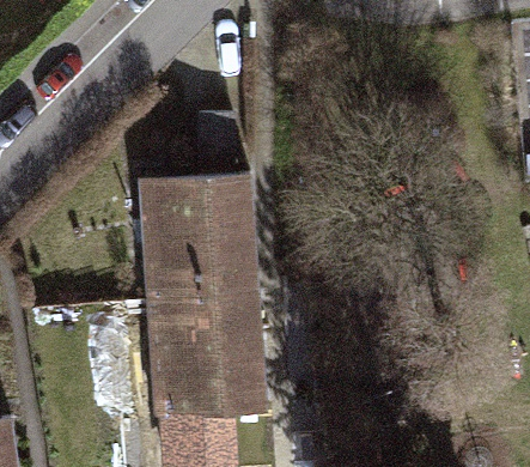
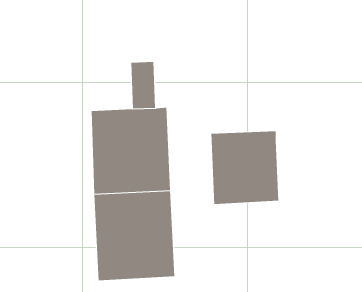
building: none -> [211,130,279,205]

